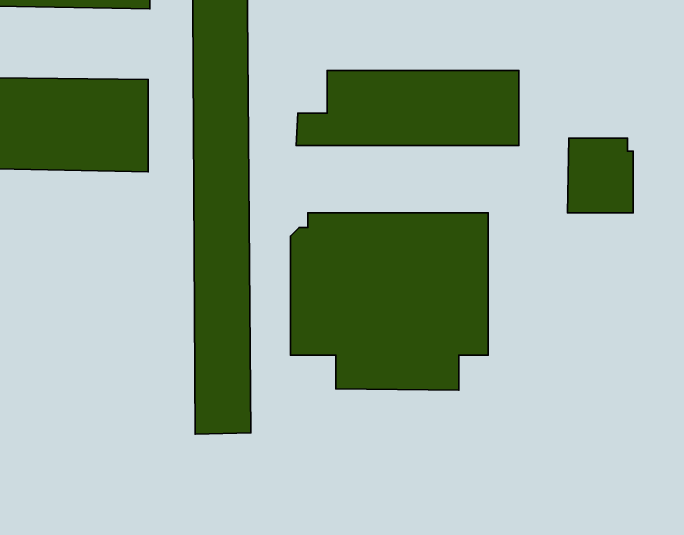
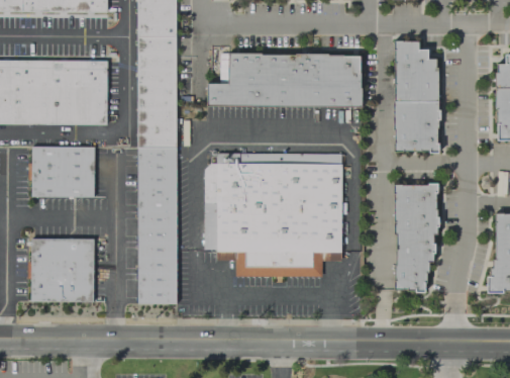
building: none -> [397,42,437,101]
building: none -> [32,148,94,196]
building: none -> [396,185,436,290]
building: none -> [32,239,95,301]

